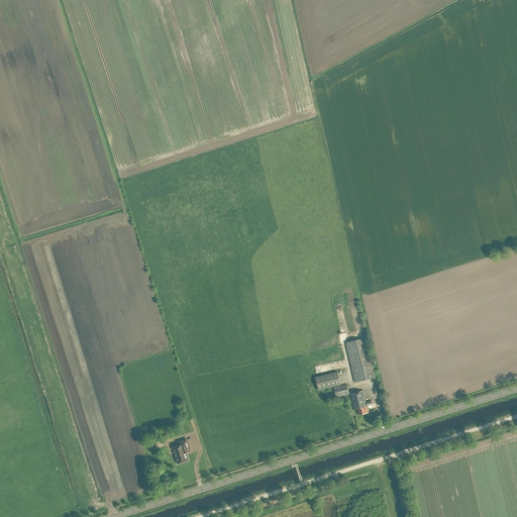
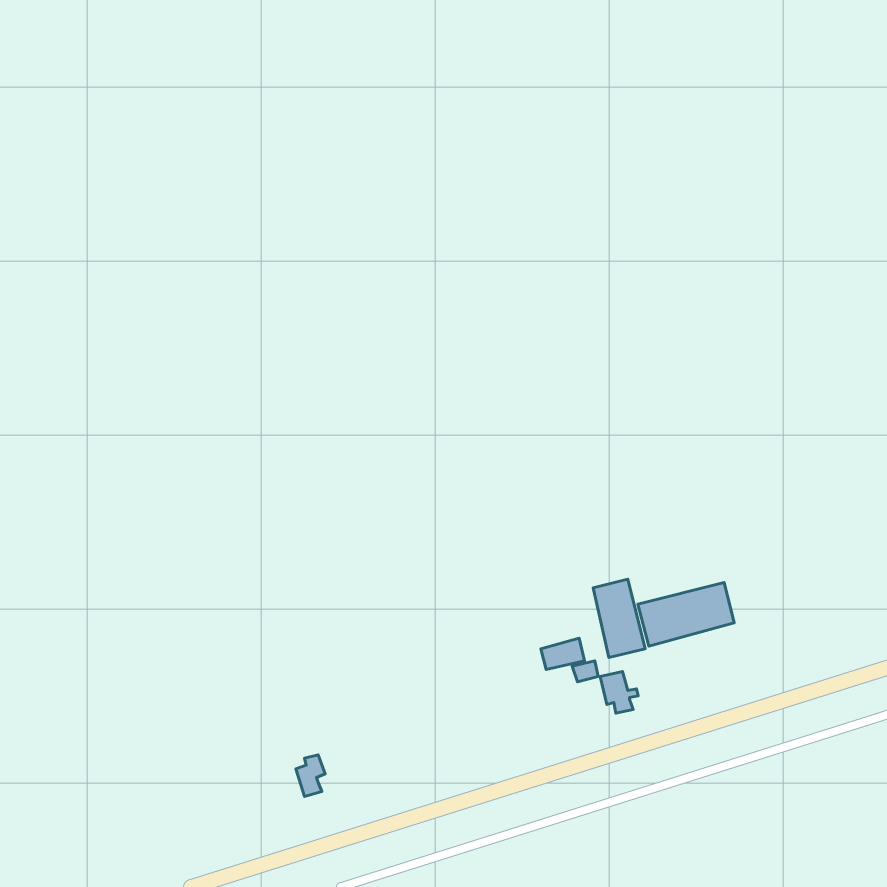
building: none -> [638,583,734,646]

